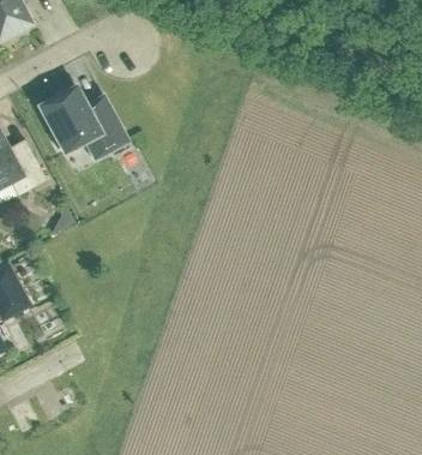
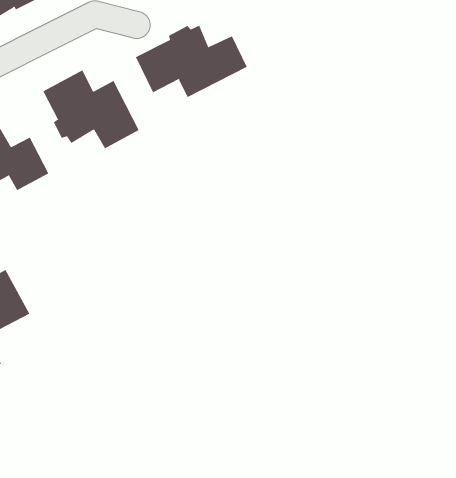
building: none -> [135,25,247,98]

